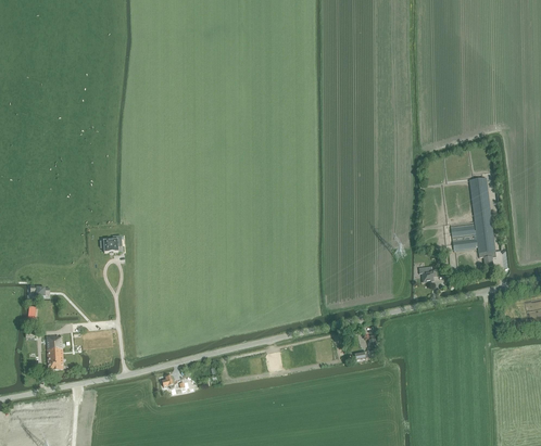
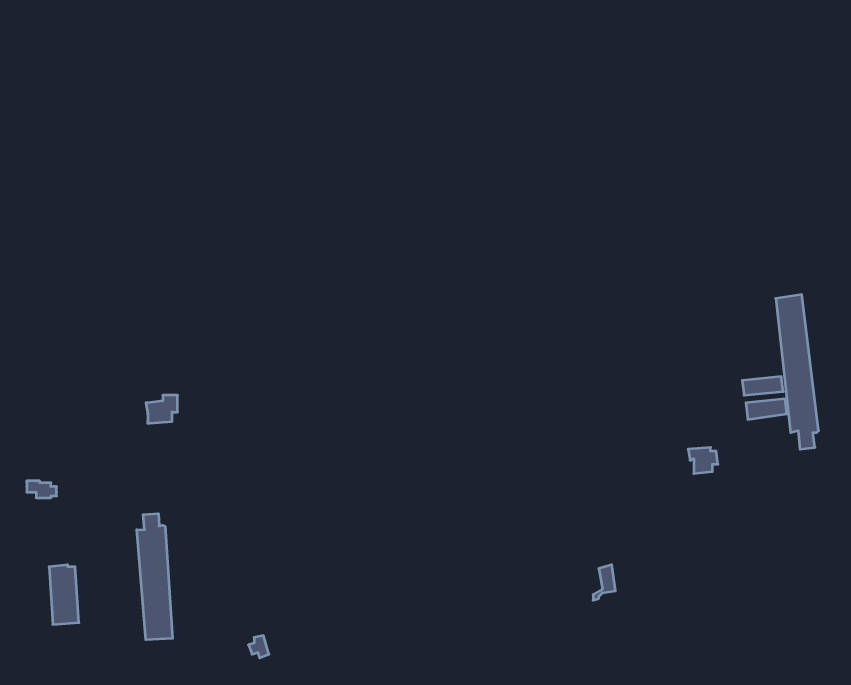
building: none -> [137,514,173,640]

